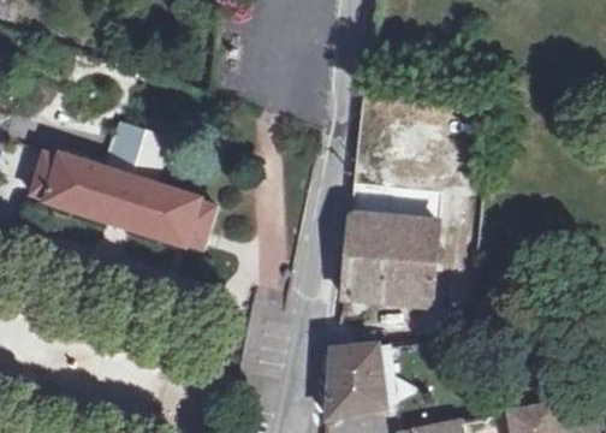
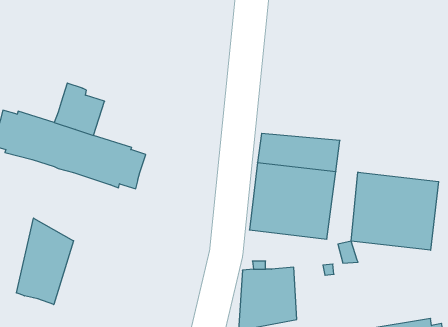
building: none -> [351,172,439,250]
building: none -> [16,218,74,305]

